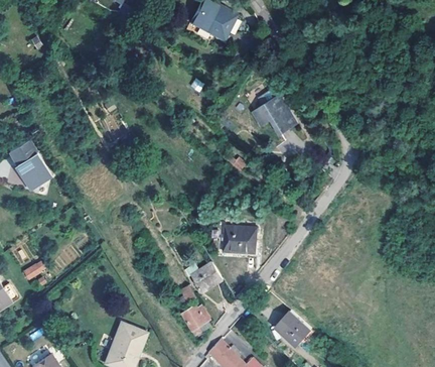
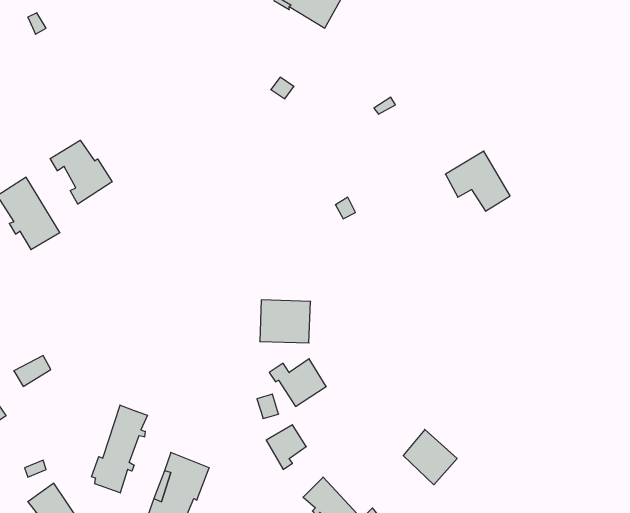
building: [255,94,297,133] -> [445,151,510,211]
building: none -> [50,140,112,204]
building: [225,224,258,252] -> [260,300,311,343]
building: none -> [91,405,148,493]

